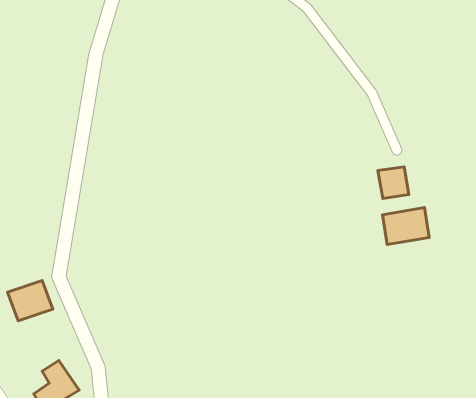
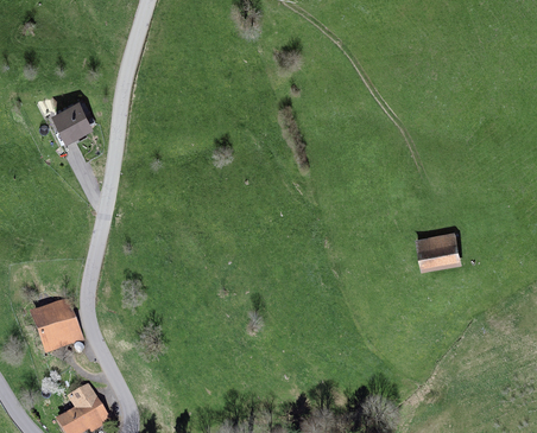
building: none -> [44,103,89,145]
building: [378,167,409,198] -> none

